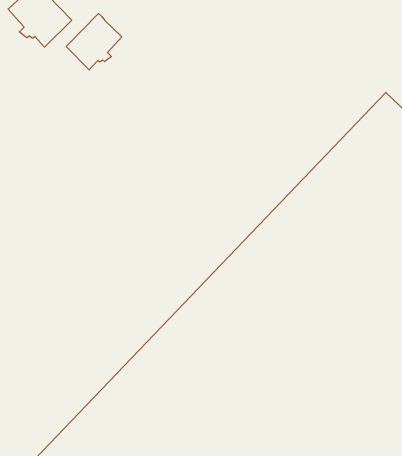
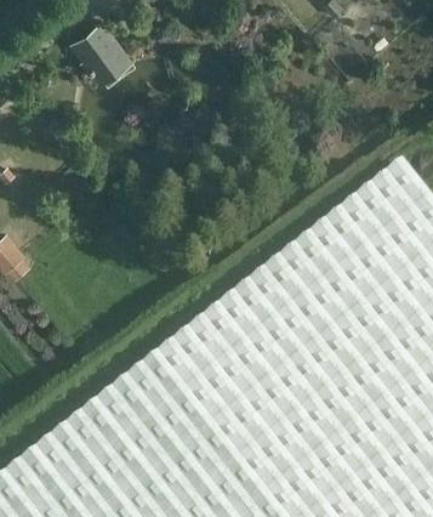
building: [66,14,122,70] -> none

